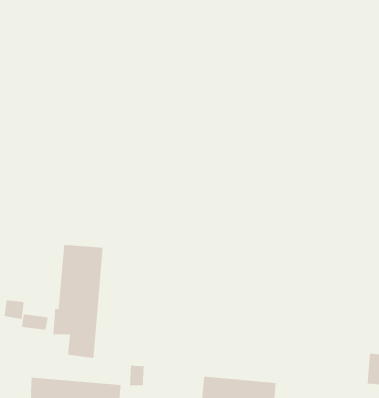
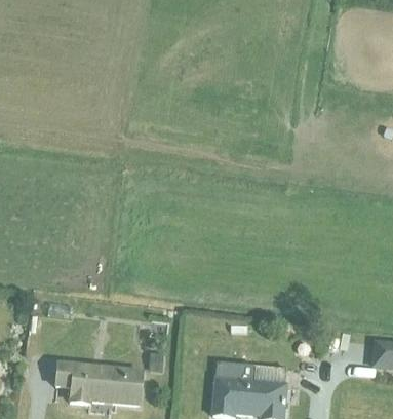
building: [53,244,103,359] -> none

